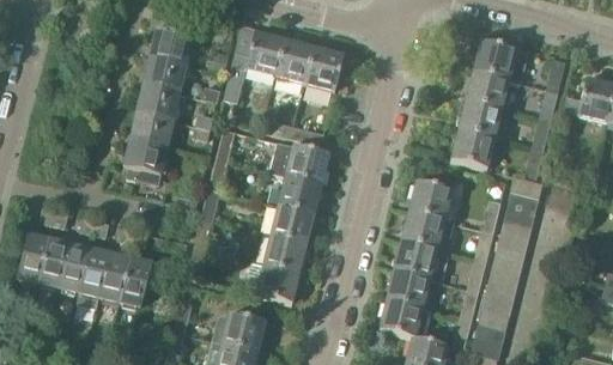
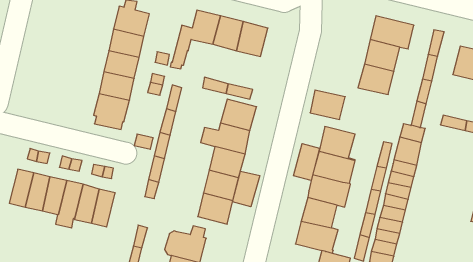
building: [451,129,496,166] -> [310,90,345,119]
building: none -> [294,144,320,180]
building: none -> [233,171,260,207]

